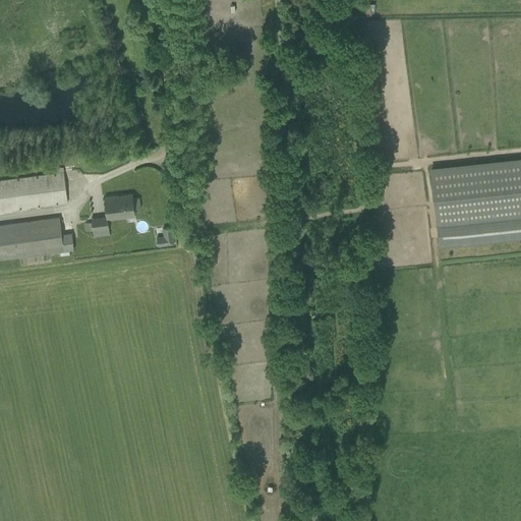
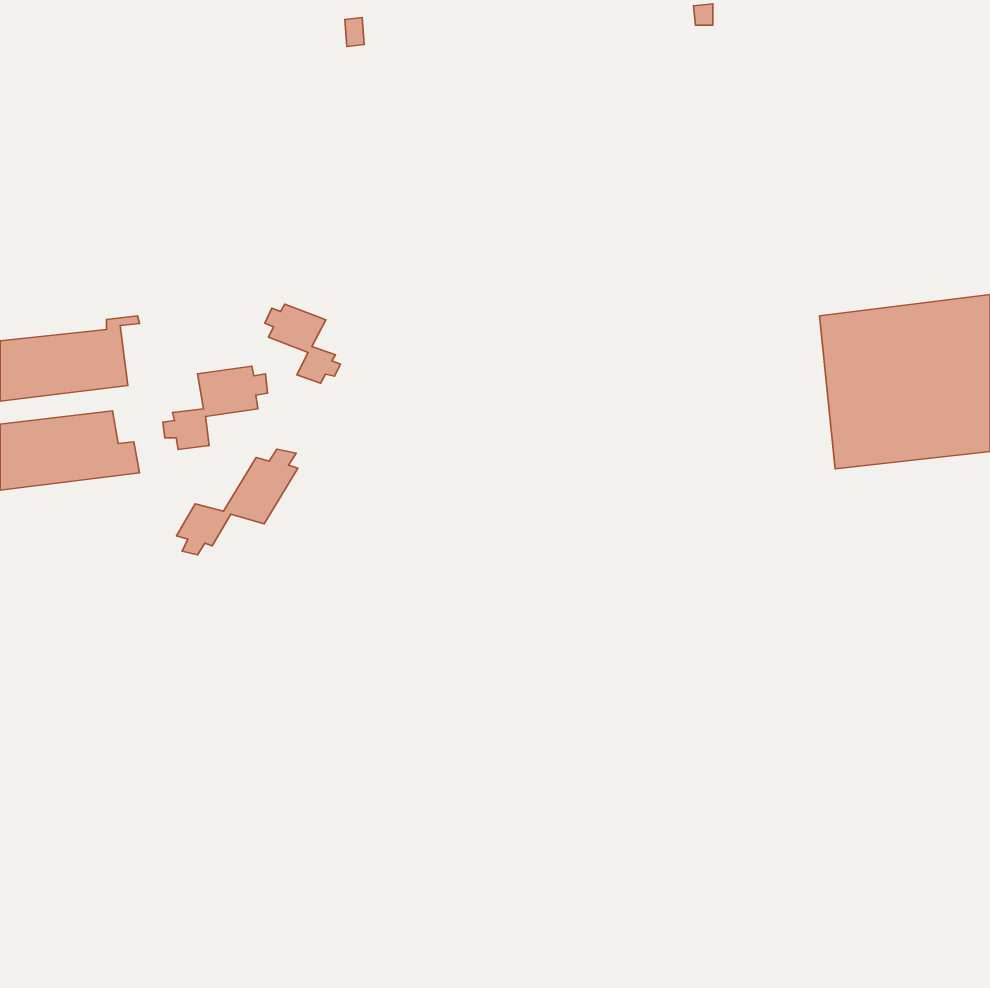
building: none -> [265,304,340,383]
building: none -> [177,449,298,555]

